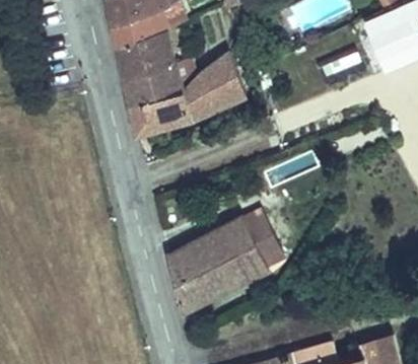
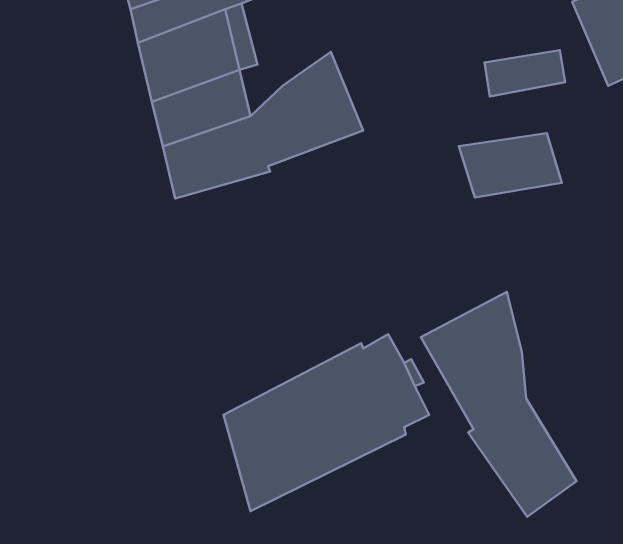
building: none -> [459,133,562,197]
building: none -> [421,292,577,517]

